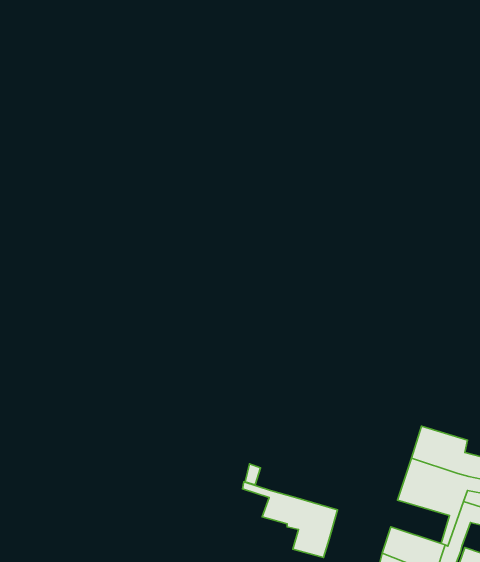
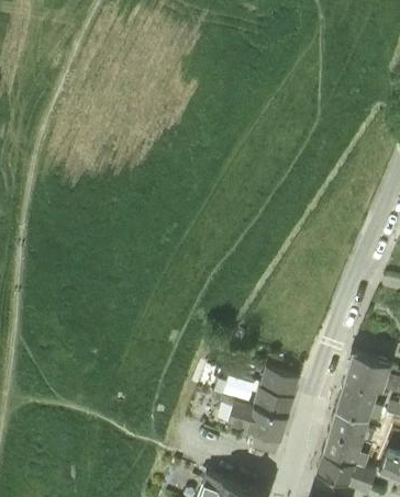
building: none -> [260,369,299,396]
building: none -> [254,391,292,418]
building: none -> [329,410,375,444]

